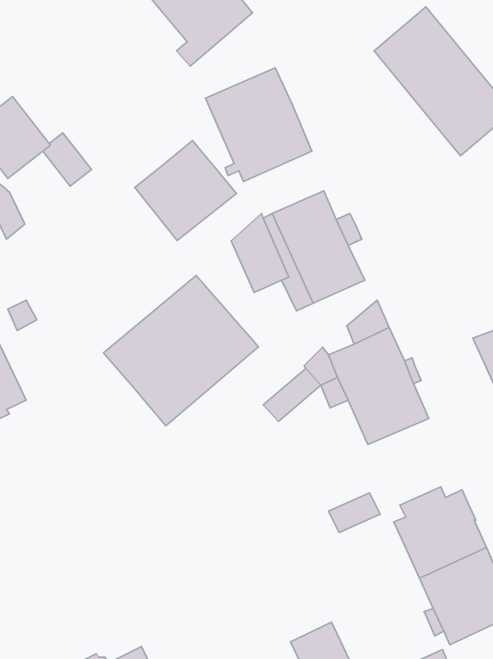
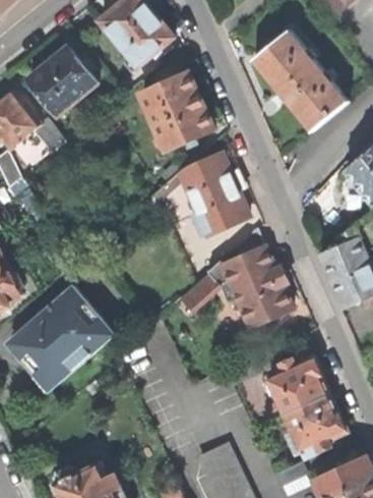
building: [135,140,236,241] -> [28,47,97,114]
building: [104,275,259,426] -> [11,286,115,387]

